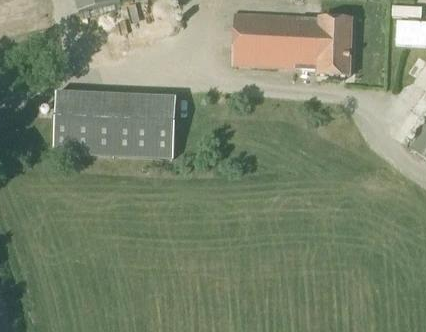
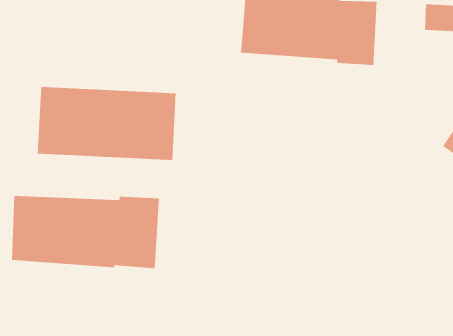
building: none -> [11,195,160,269]

